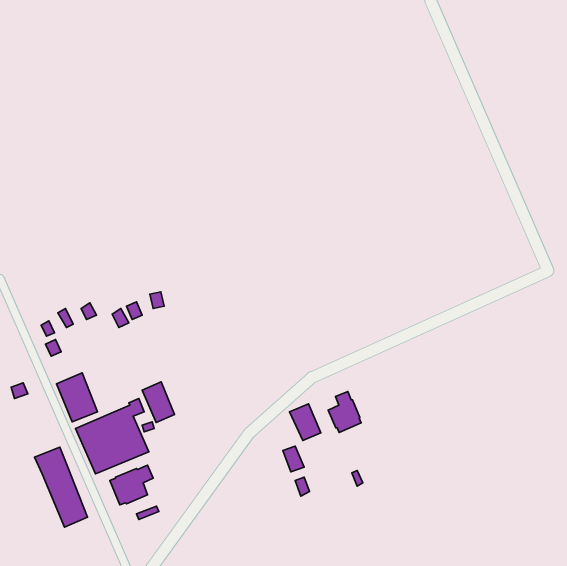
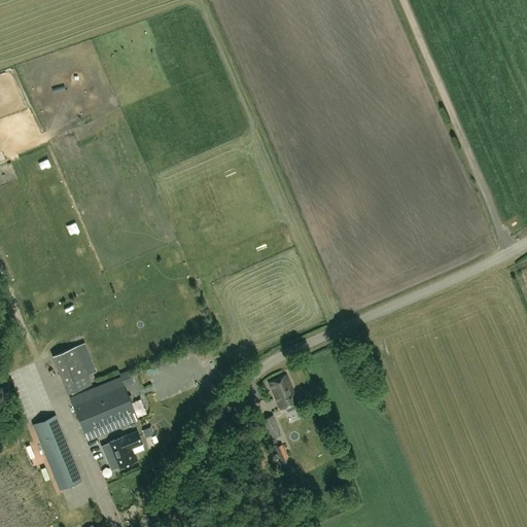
building: [142,382,175,422] -> none
building: [328,391,361,432] -> none

